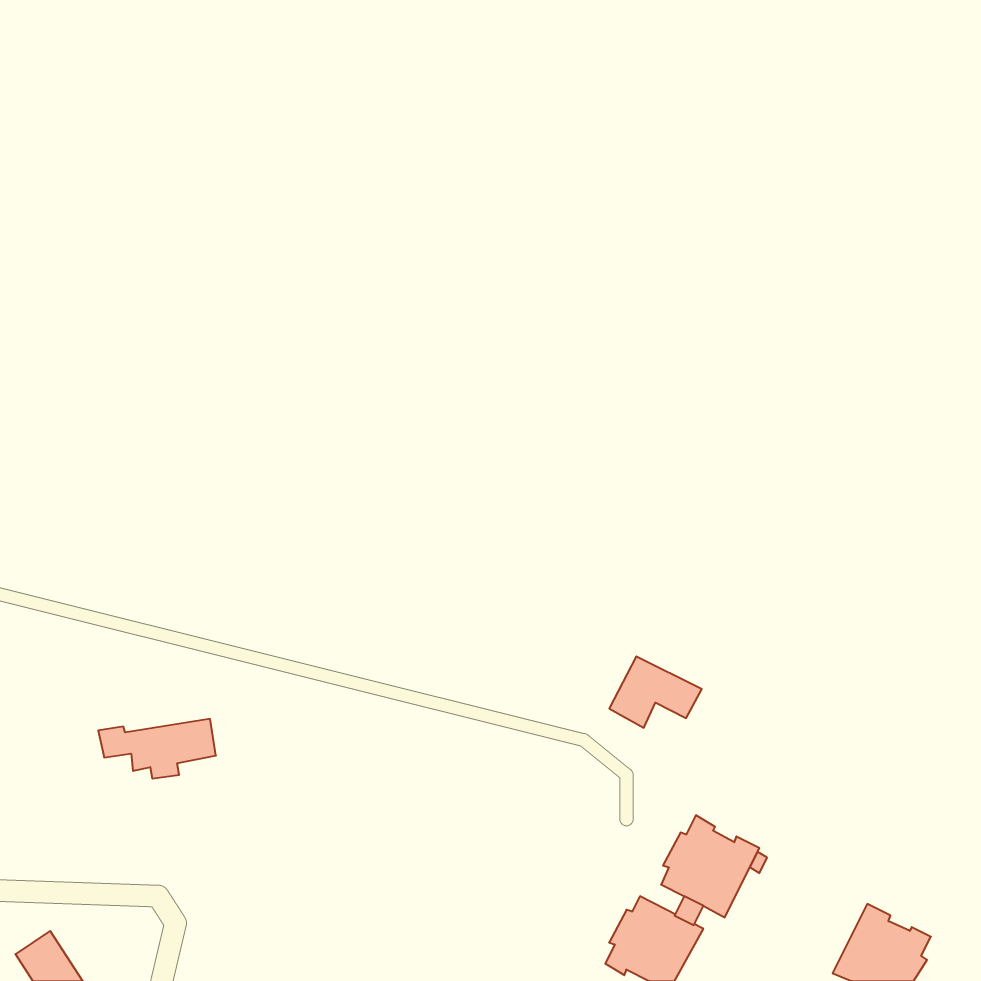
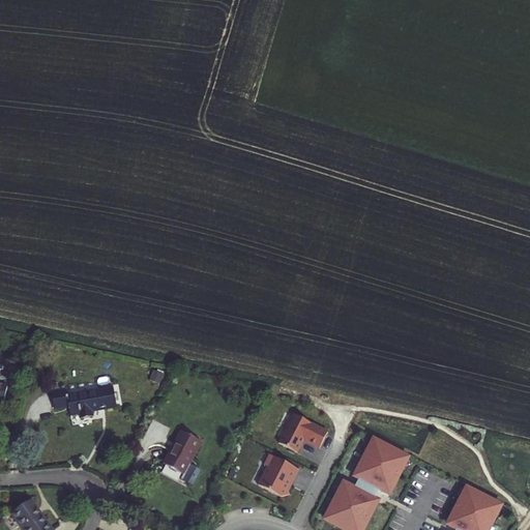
building: [609,656,702,728] -> [278,413,328,451]
building: none -> [163,431,199,472]
building: none -> [260,454,298,497]

